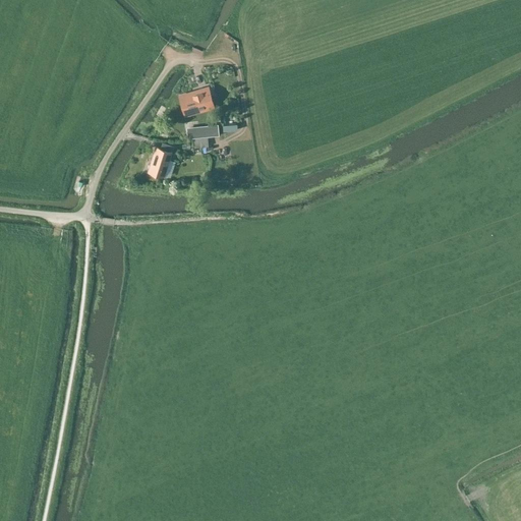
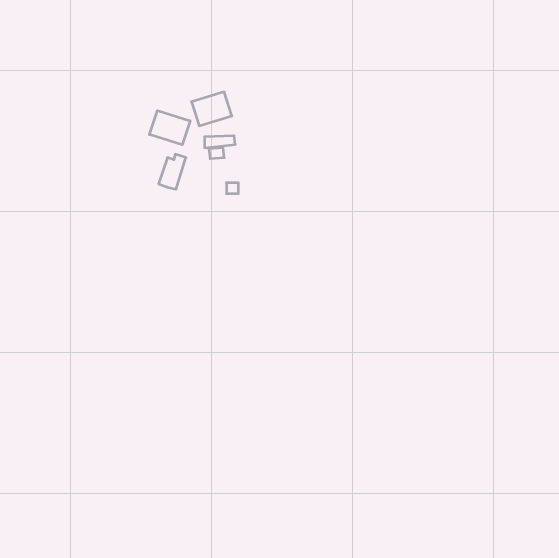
building: none -> [149,111,190,145]

